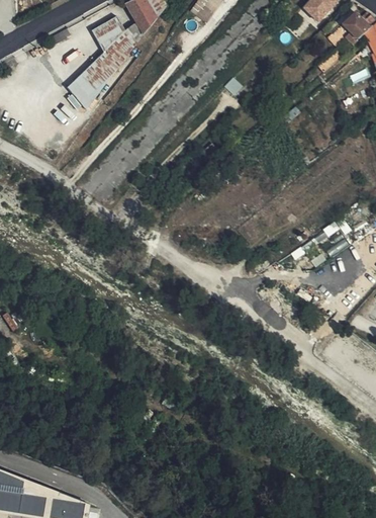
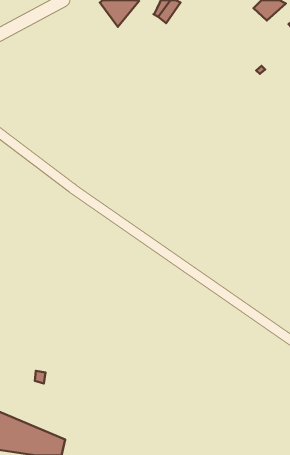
building: [67,16,142,104] -> none

